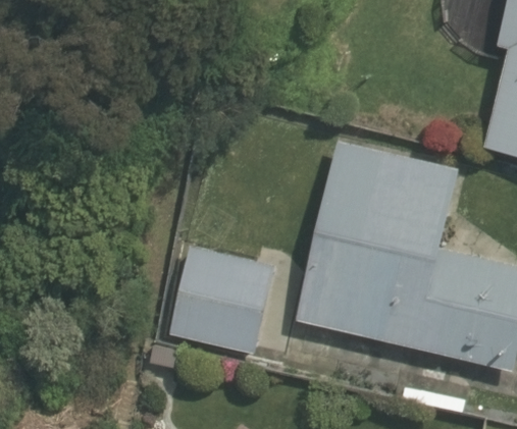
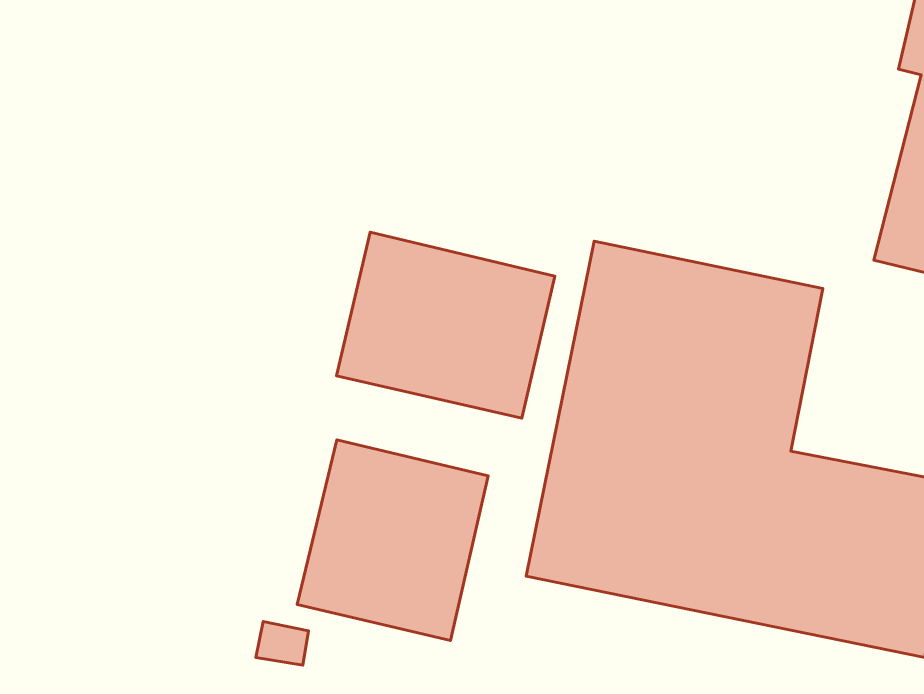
building: none -> [336,232,555,418]

